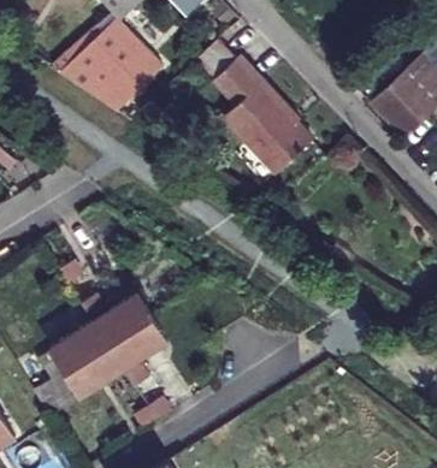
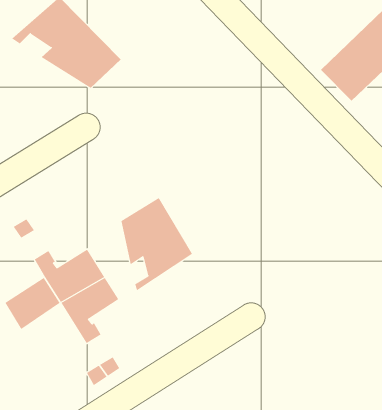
building: [214,58,312,174] -> none
building: none -> [121,197,193,291]
building: [63,344,118,395] -> none

